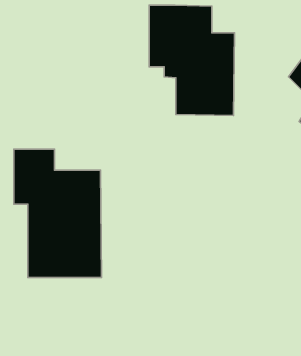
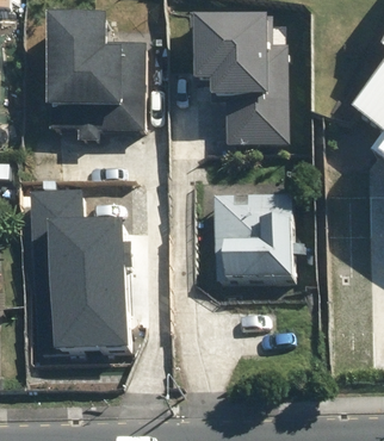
building: none -> [42,23,120,117]
building: none -> [212,193,295,266]

